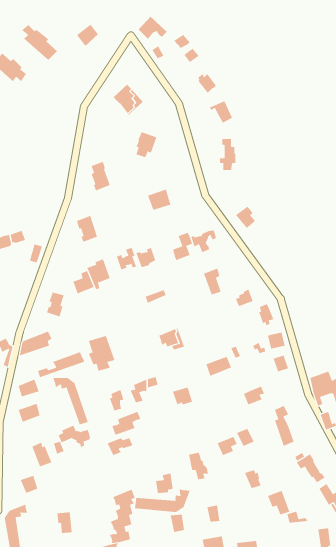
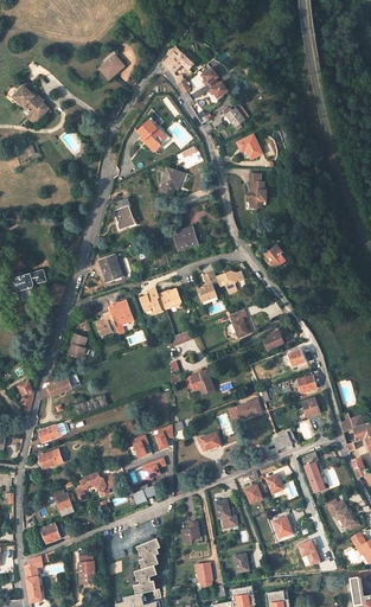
building: [21,24,58,61] -> none
building: [88,335,115,371] -> none
building: [53,377,89,425] -> none
building: [134,488,190,513] -> none

